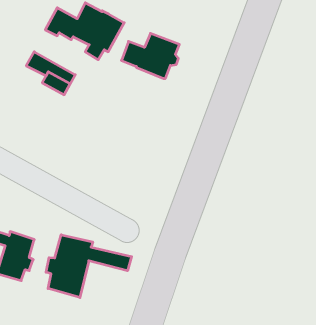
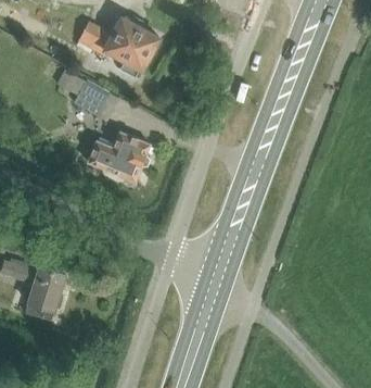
building: [121,33,179,78] -> [88,133,151,182]
building: [46,235,132,298] -> none

